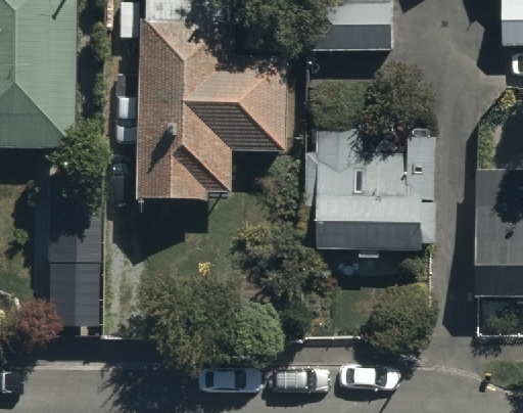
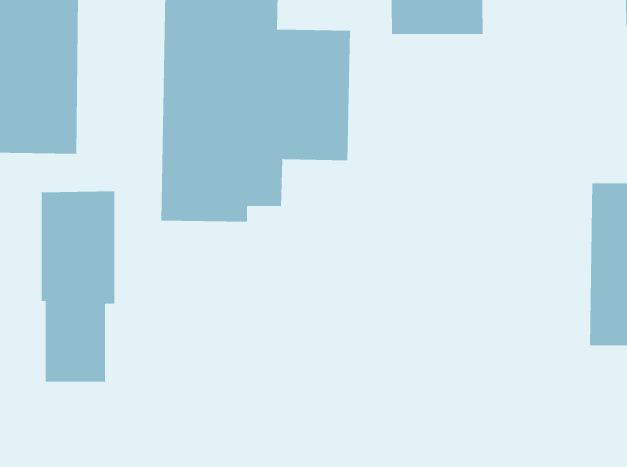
building: [306,130,437,254] -> none

